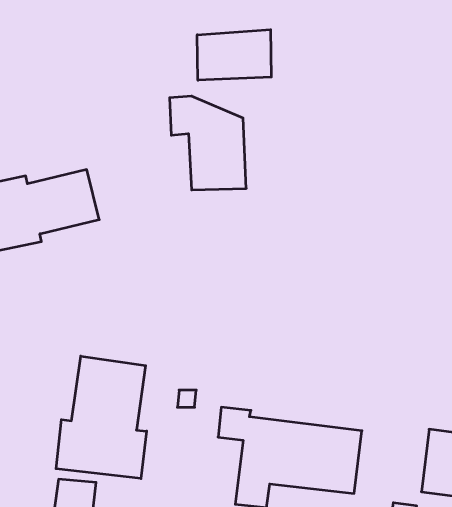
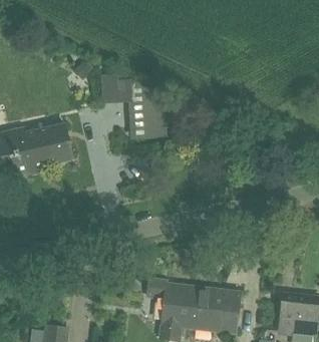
building: [197,30,271,80] -> none
building: [56,356,147,479] -> none

